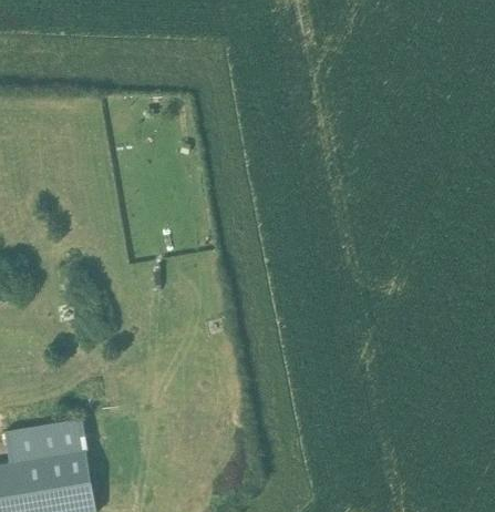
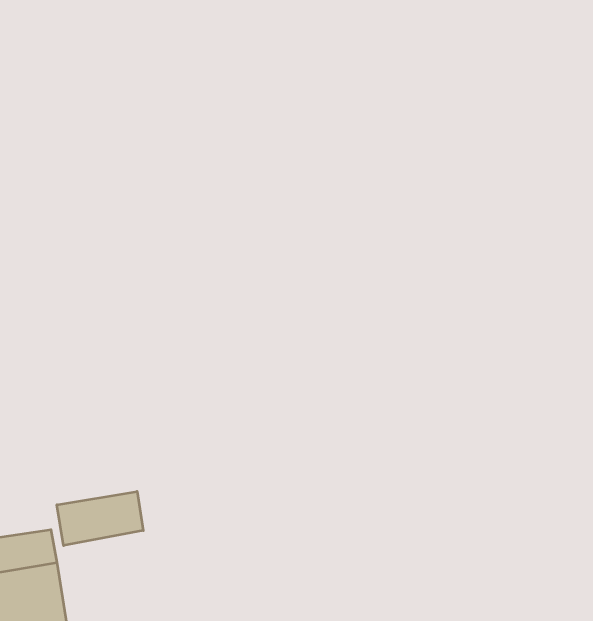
building: none -> [57,491,143,546]

